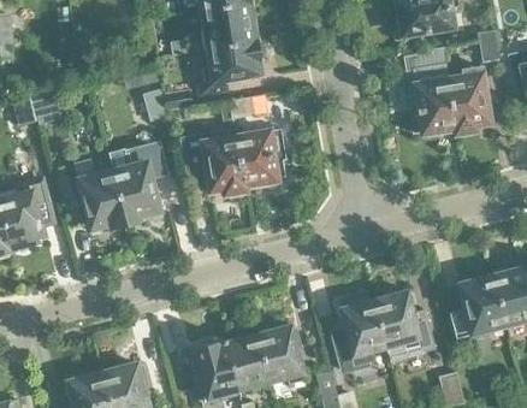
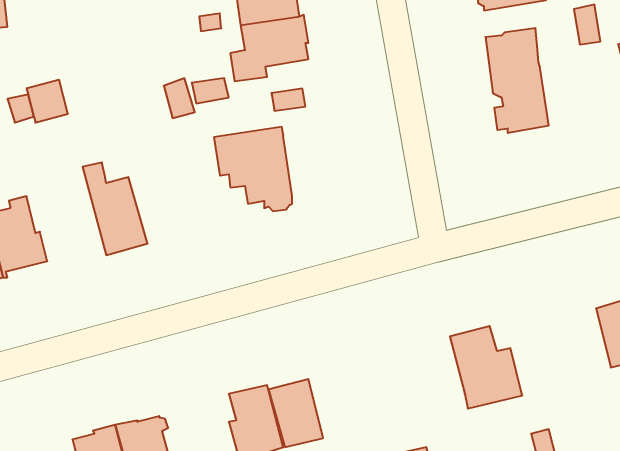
building: [448,66,490,136] -> none
building: [239,130,285,185] -> none
building: [113,144,165,224] -> none
building: [450,277,507,347] -> none
building: [342,300,387,362] -> none
building: [260,326,306,384] -> none

